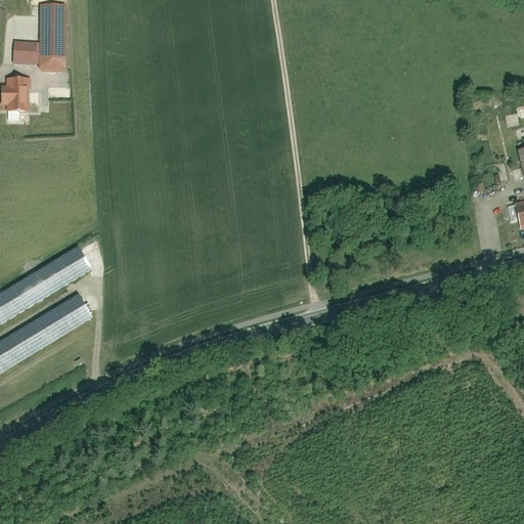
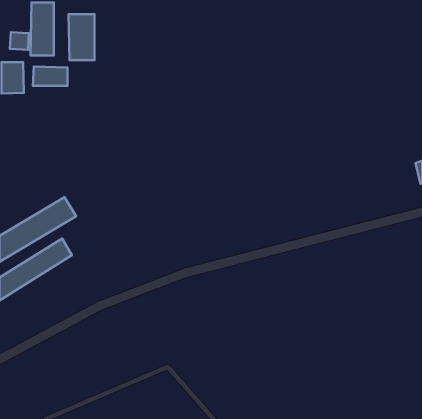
building: none -> [69,14,94,60]
building: none -> [33,67,67,86]

